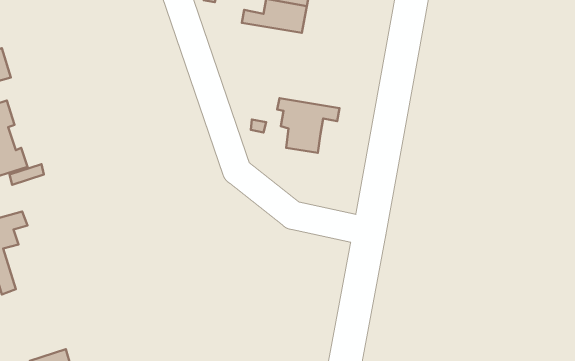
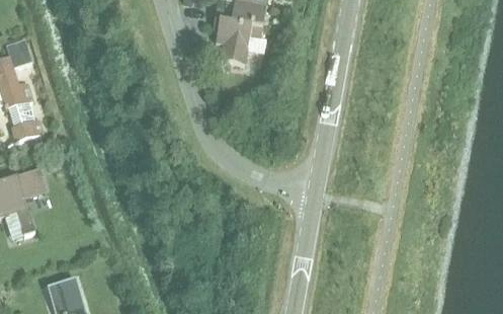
building: [277,98,340,153] -> [213,19,262,63]

